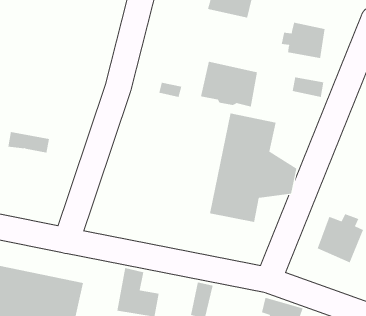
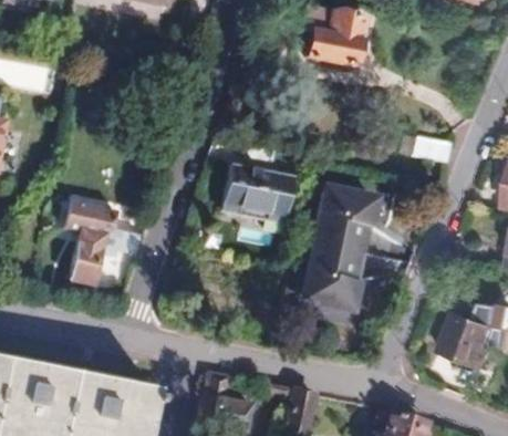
building: [281,22,325,59] -> none
building: [200,61,258,107] -> [222,165,293,221]
building: none -> [66,227,142,289]

